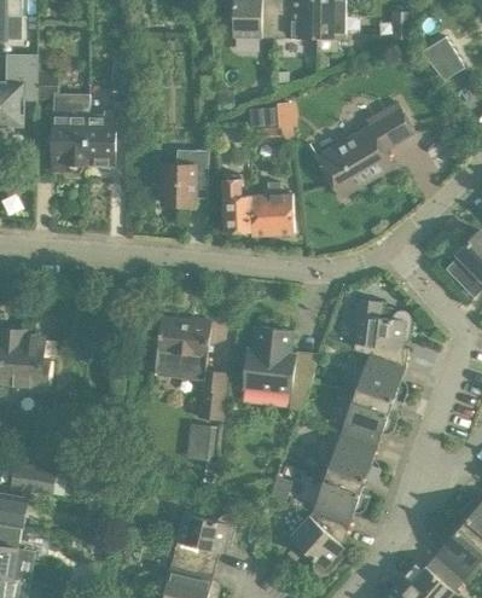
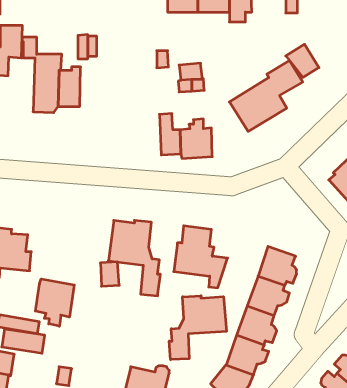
building: [419,36,464,81] -> [286,44,319,77]
building: [153,150,208,204] -> none
building: [352,297,411,366] -> none
building: none -> [35,279,74,326]
building: none -> [169,296,226,360]
building: [186,424,211,457] -> [100,262,119,286]

